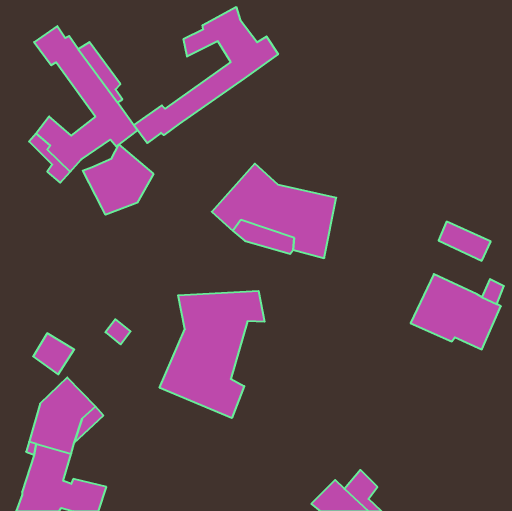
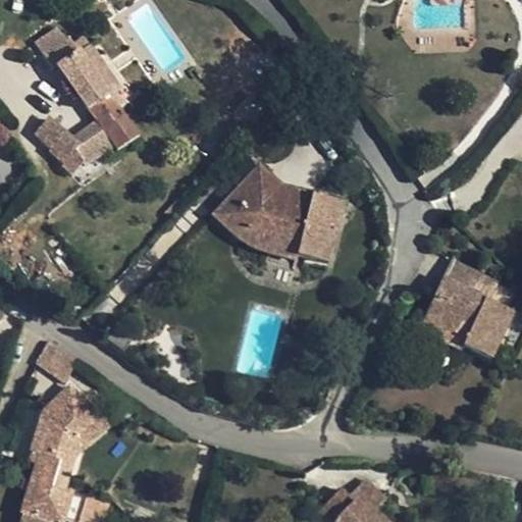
building: [134,7,278,143] -> none
building: [83,145,153,215] -> none
building: [439,222,491,261] -> [441,259,494,299]
building: [160,291,265,418] -> none

